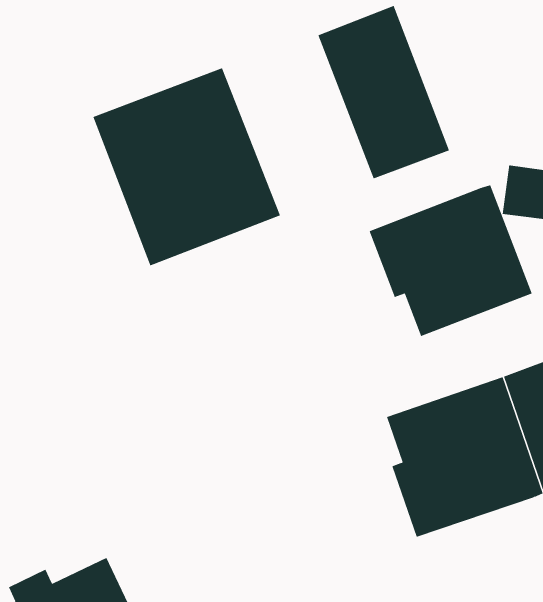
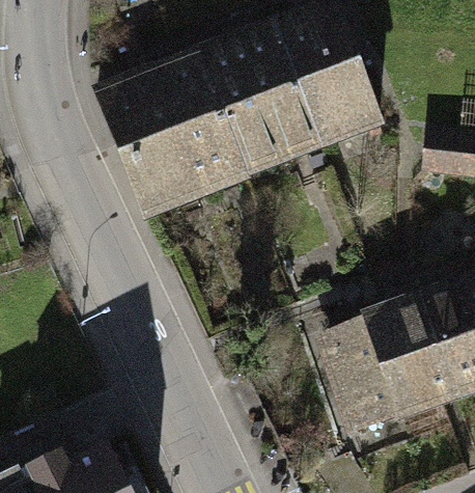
building: none -> [200,27,320,173]
building: [369,185,532,337] -> none

